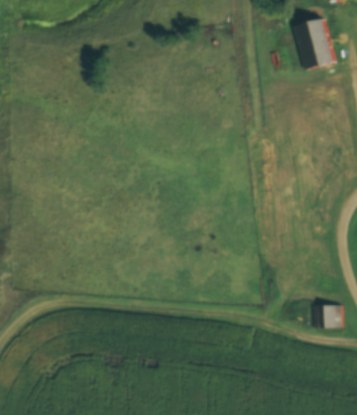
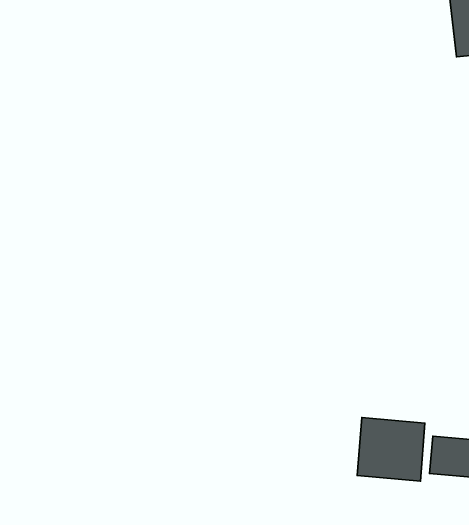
building: none -> [357,418,425,481]

